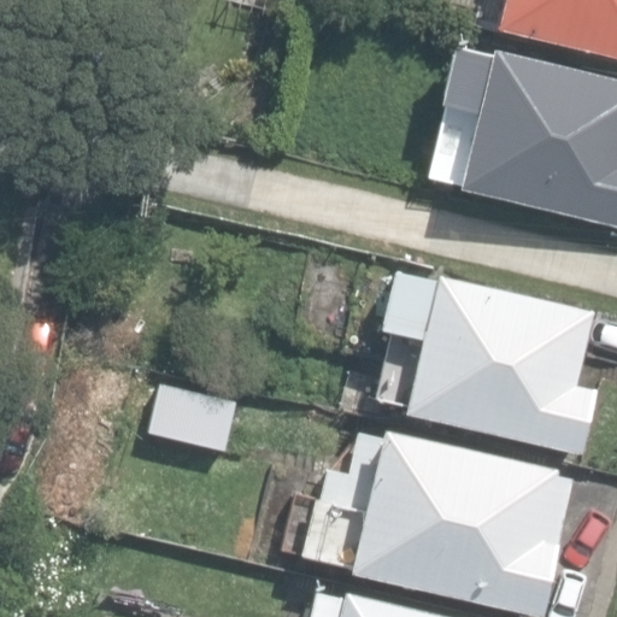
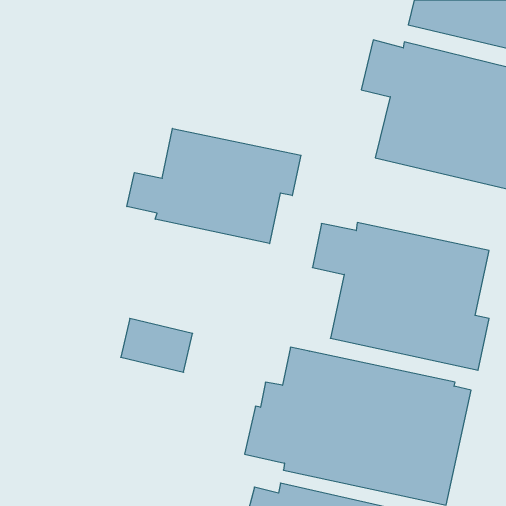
building: none -> [127,128,301,244]

